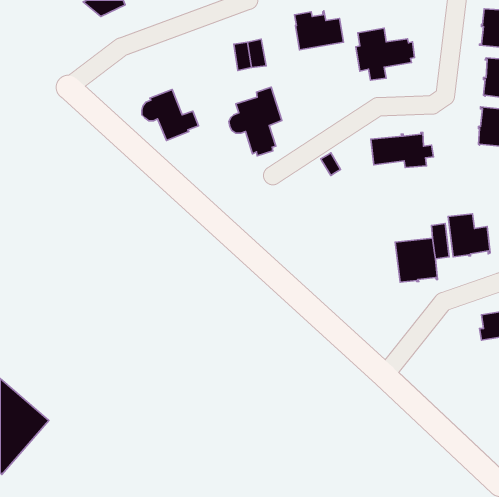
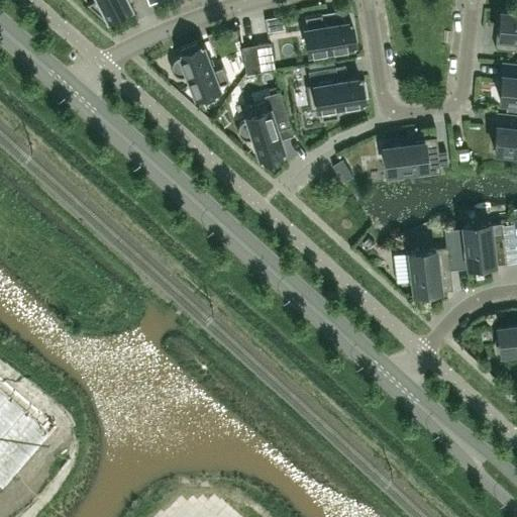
building: [356,28,414,80] -> [307,69,368,122]
building: [142,89,199,140] -> [171,46,229,99]

